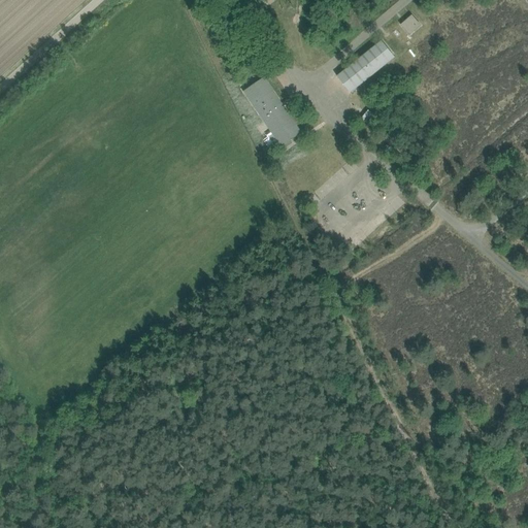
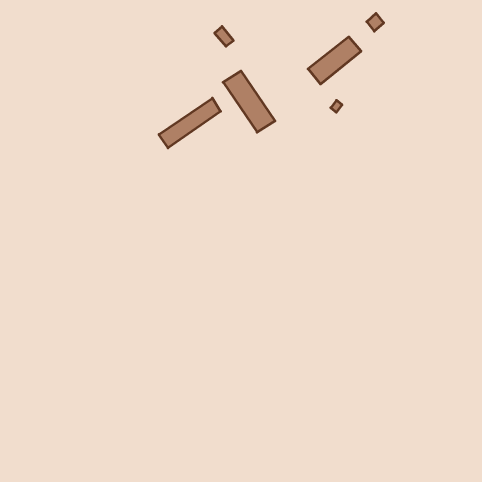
building: none -> [159,98,221,148]

